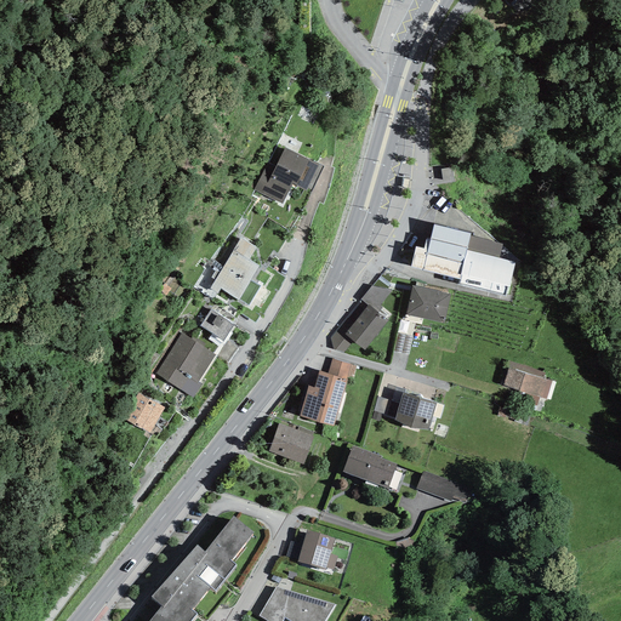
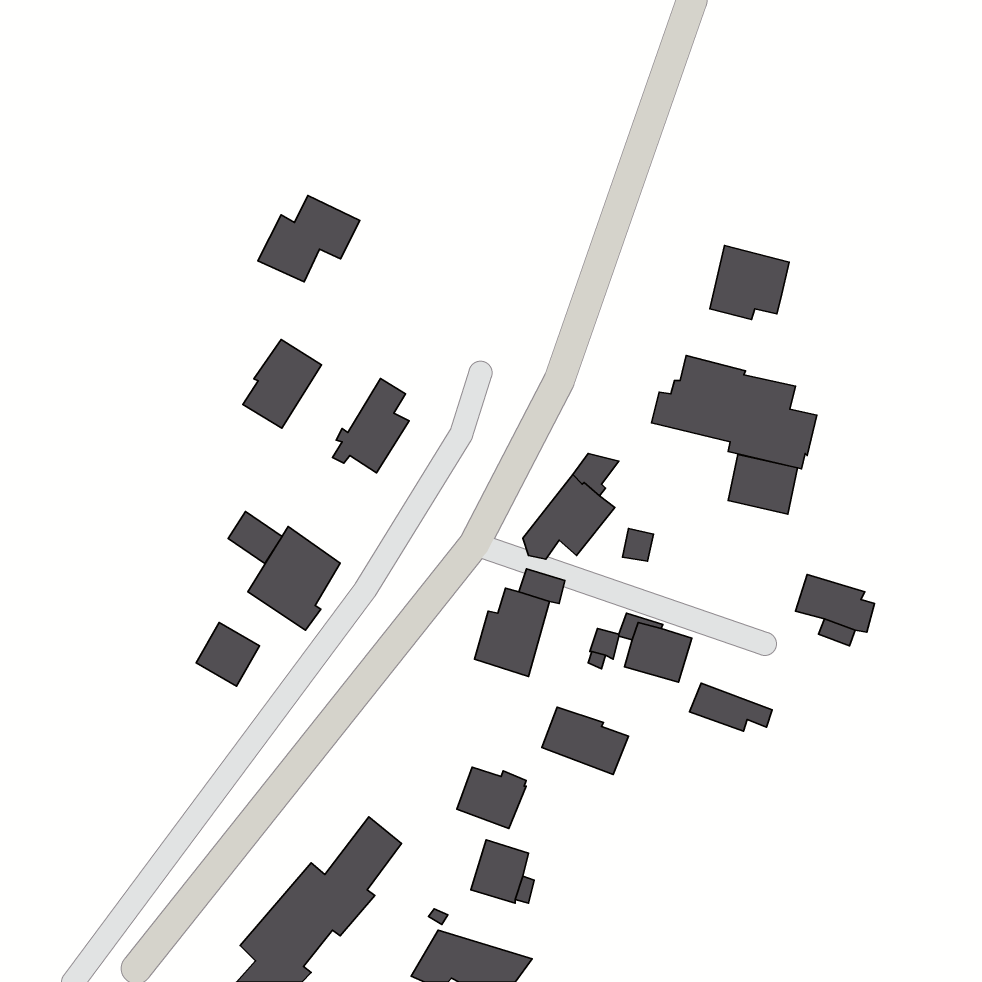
building: [253,149,318,204] -> [258,195,360,282]
building: none -> [710,245,789,320]
building: none -> [243,340,322,428]
building: [406,286,450,324] -> [728,455,797,514]
building: [200,309,234,342] -> [228,511,282,563]
building: [269,425,313,463] -> [457,767,526,829]
building: [416,471,468,501] -> [690,683,772,731]

